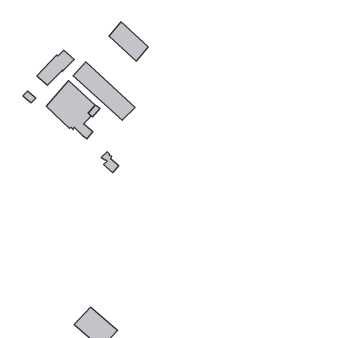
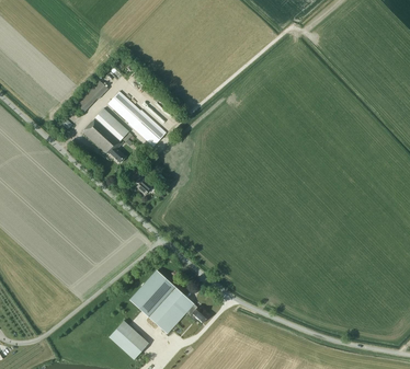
building: [109,22,148,61] -> none
building: none -> [130,270,209,334]

